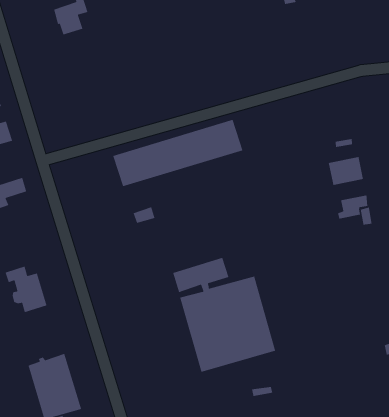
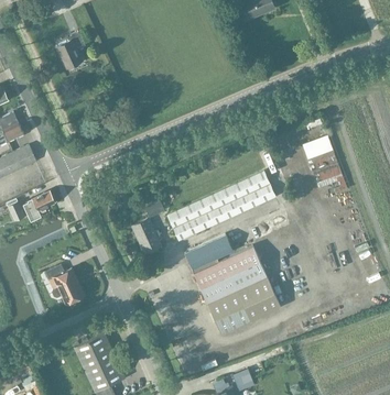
building: [112,119,243,187] -> [166,172,275,241]
building: none -> [132,218,160,253]

